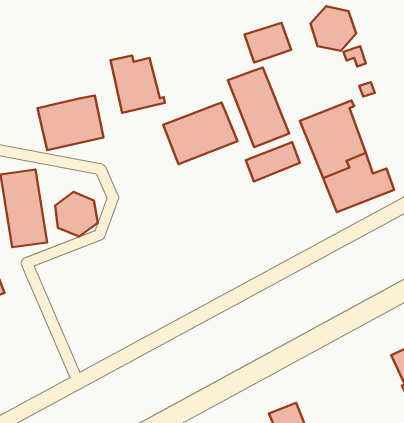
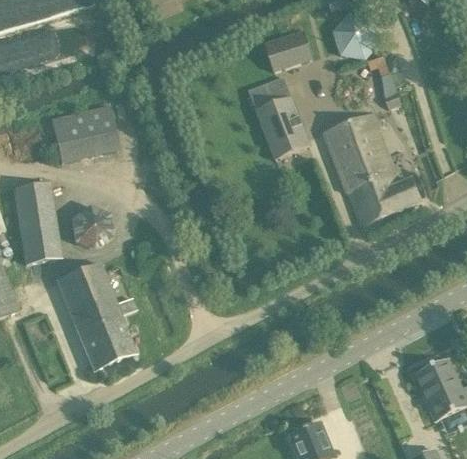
building: [111,55,165,113] -> none
building: [163,102,237,164] -> none
building: [246,142,300,182] -> none
building: none -> [57,262,139,370]

